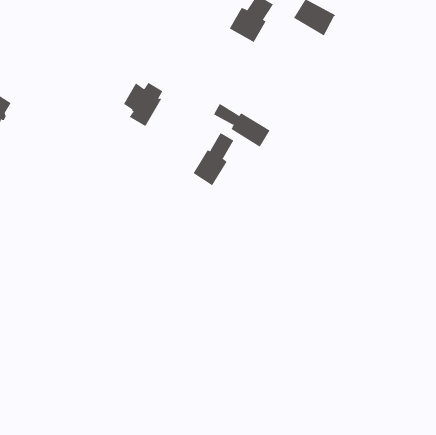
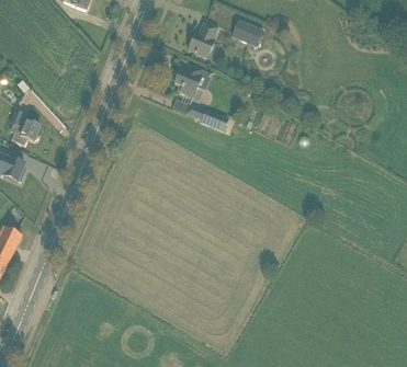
building: [123,81,163,127] -> [173,61,201,94]
building: [193,132,234,186] -> none

